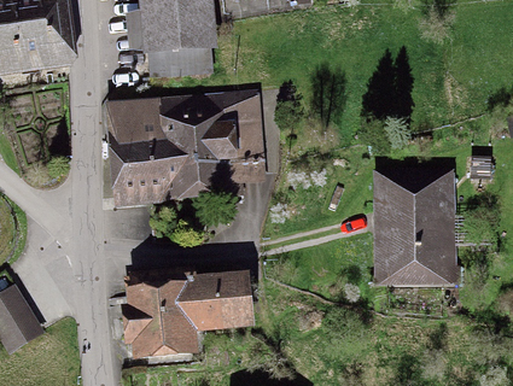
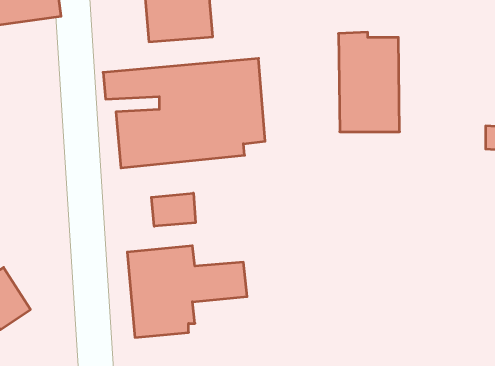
building: [385,179,443,273] -> [338,32,400,132]
building: none -> [151,193,195,226]

